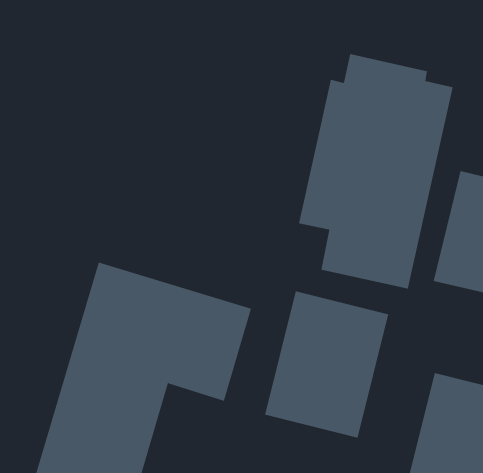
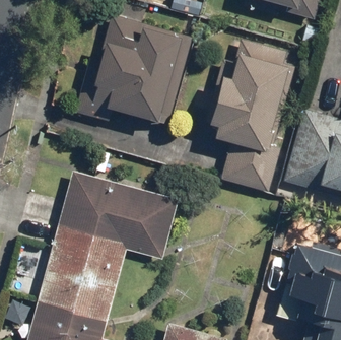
building: none -> [78,23,183,119]
building: [264,291,389,439] -> none

